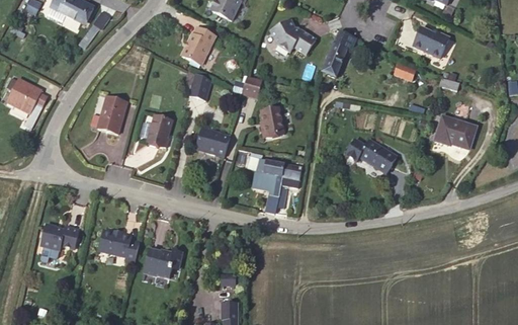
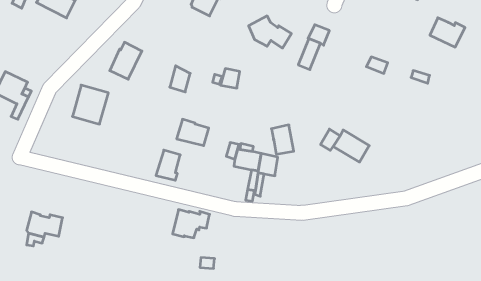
building: [182,27,215,66] -> [110,42,142,79]
building: [413,27,449,58] -> [430,18,465,47]
building: [261,107,284,138] -> [271,125,294,154]
building: [147,115,172,147] -> [156,150,180,180]
building: [435,116,477,150] -> none
building: [98,231,139,263] -> none
building: [144,249,182,278] -> [173,210,210,238]

